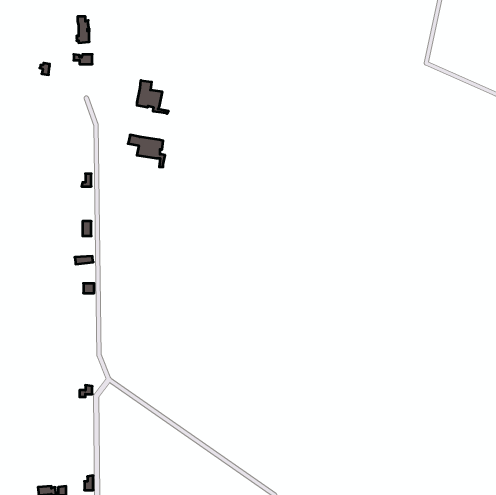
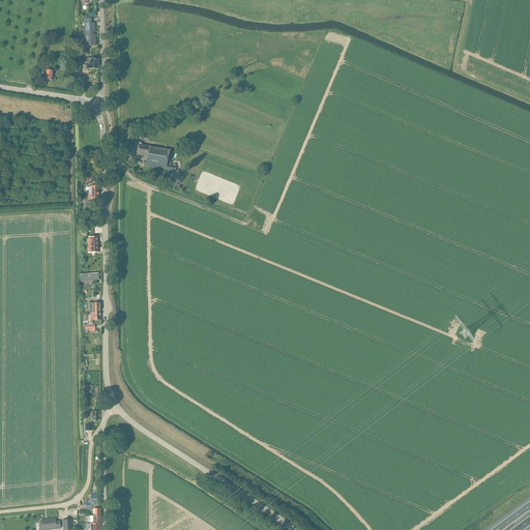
building: [137,80,168,114] -> none

